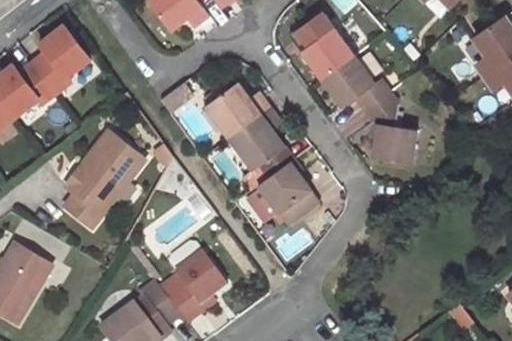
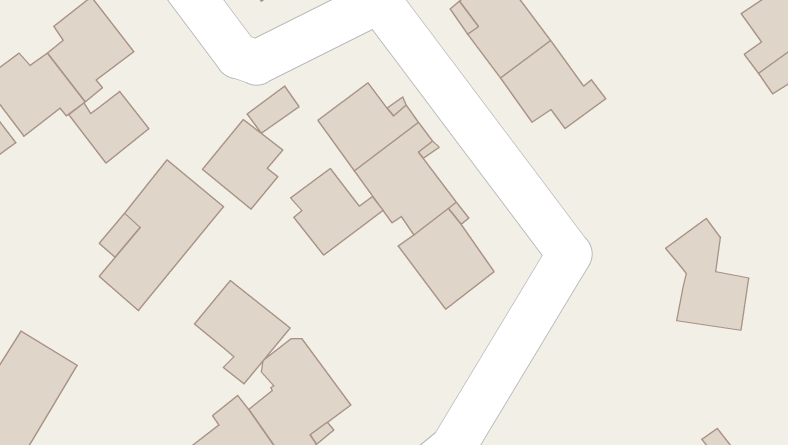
building: none -> [69,91,149,163]
building: [362,91,415,162] -> [666,219,749,330]
building: none -> [203,120,283,209]
building: none -> [291,169,383,255]
building: none -> [195,281,290,384]

